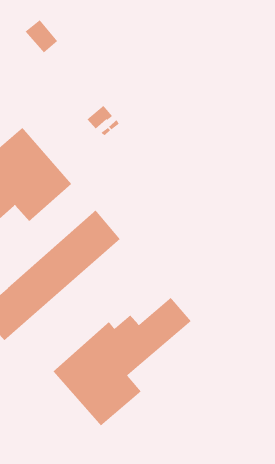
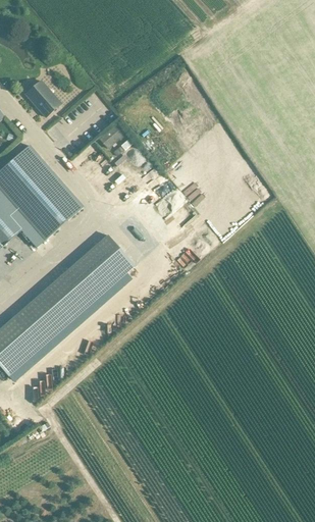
building: [25,19,58,53] -> [24,81,60,117]
building: [52,297,192,427] -> none

